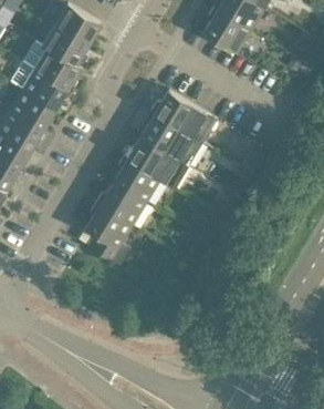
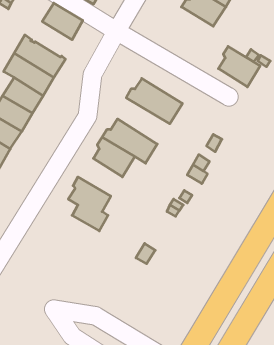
building: [202,9,250,55] -> [218,46,260,87]
building: [41,25,88,67] -> none
building: [140,113,200,166] -> none
building: [95,183,146,226] -> none

